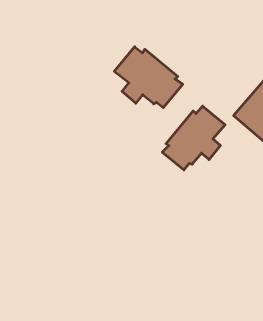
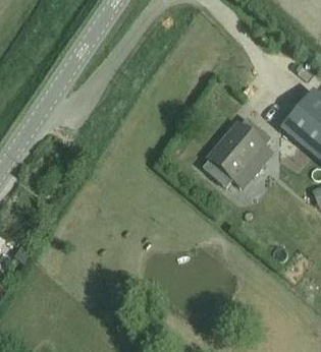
building: [114,47,183,108] -> none

